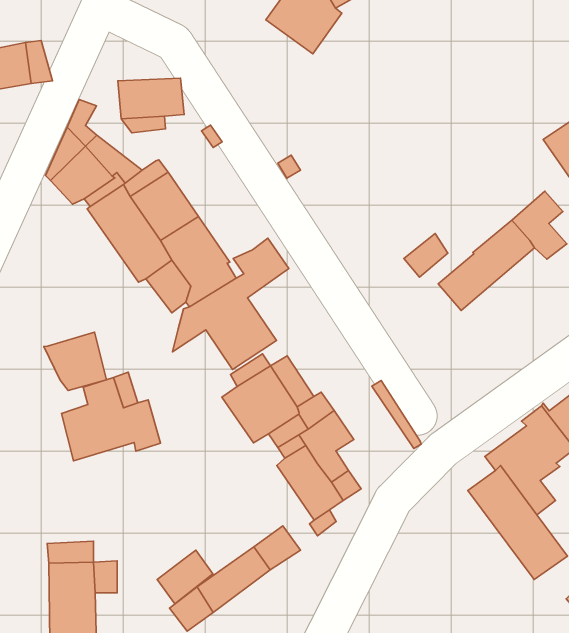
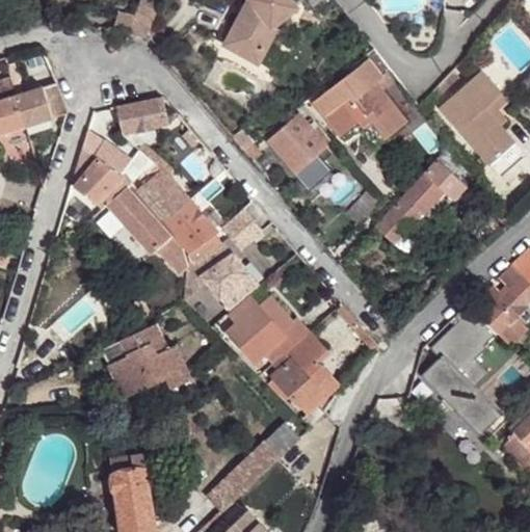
building: none -> [315,60,408,151]
building: none -> [267,114,334,190]
building: [44,332,106,391] -> none
building: [157,550,213,604] -> none

